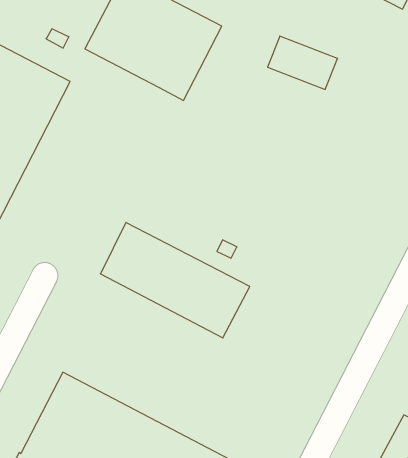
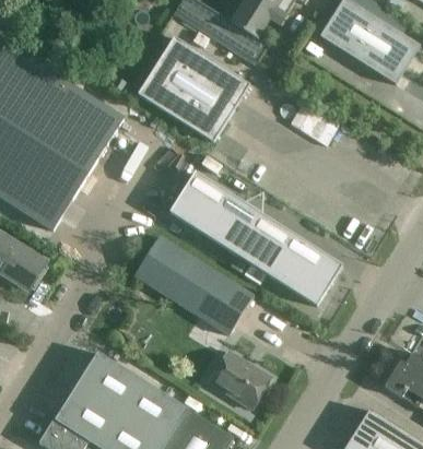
building: none -> [169,172,342,305]
building: none -> [209,350,271,407]

